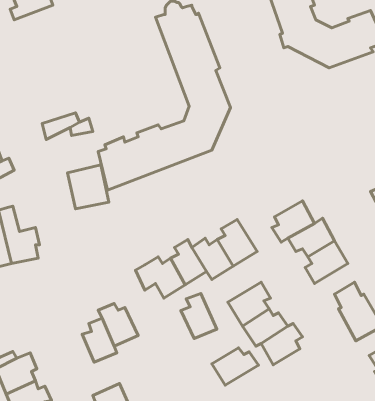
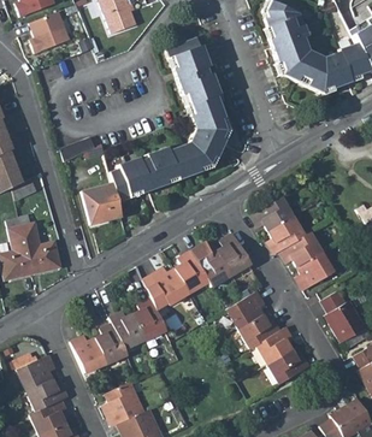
building: none -> [253,197,295,231]
building: [181,293,217,339] -> [135,297,167,338]
building: none -> [69,336,107,373]
building: [212,348,258,385] -> [268,350,311,384]

